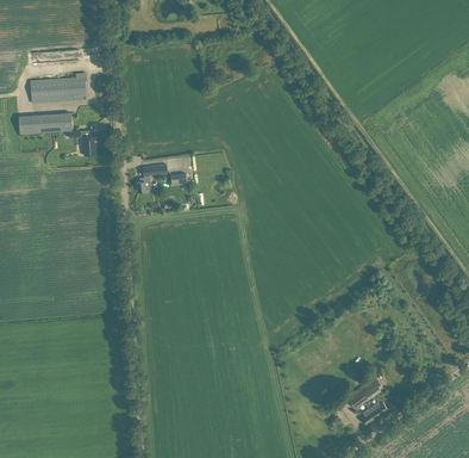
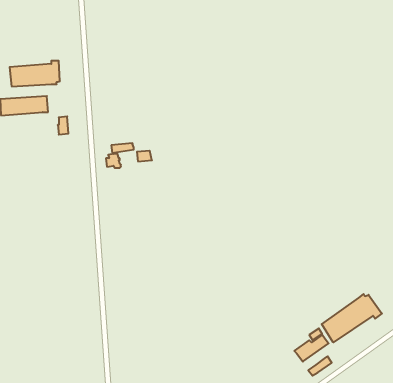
building: none -> [322,294,382,342]

